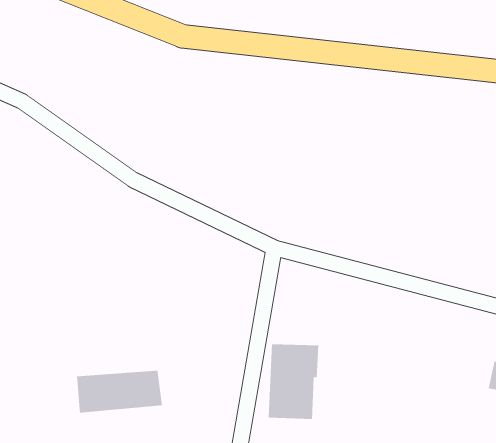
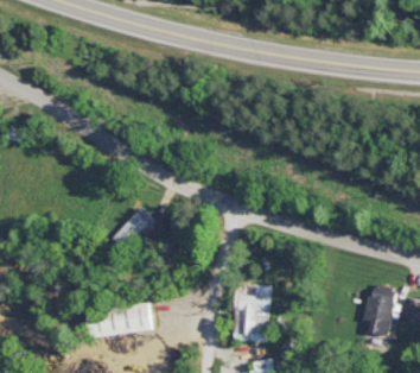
building: none -> [109,208,157,255]
building: none -> [365,291,396,336]

